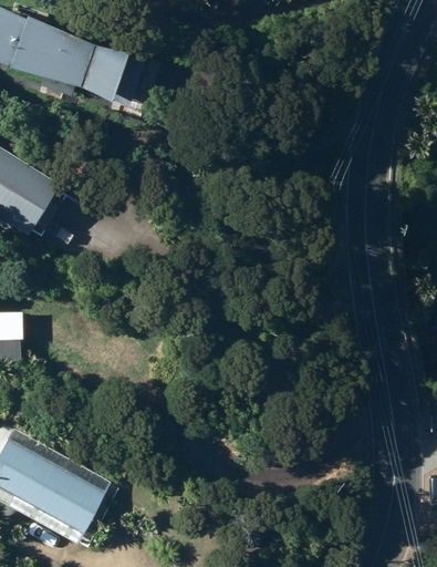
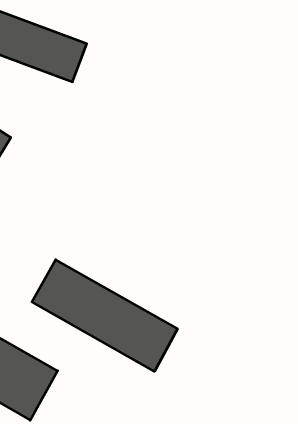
building: none -> [32,260,177,371]

